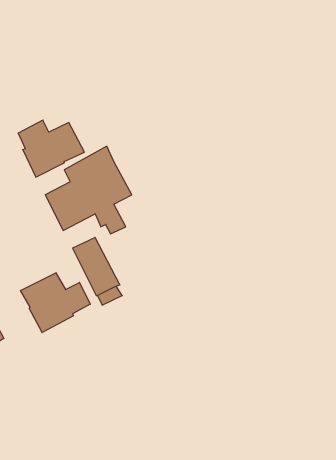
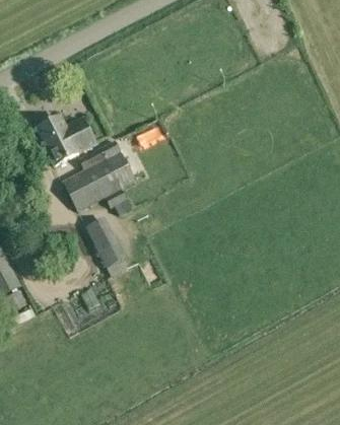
building: [21,273,90,333] -> none

